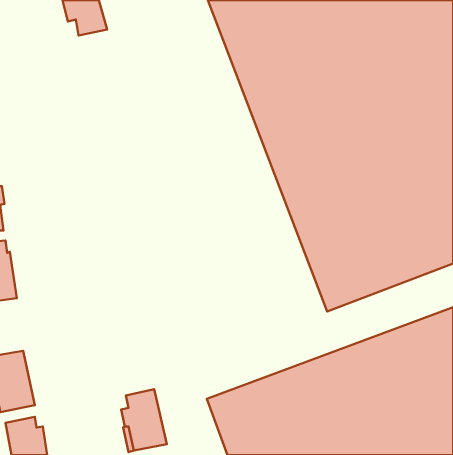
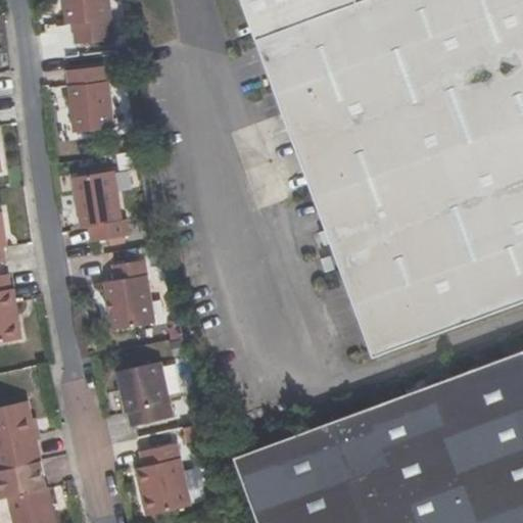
building: none -> [66,65,115,137]
building: none -> [76,175,128,244]
building: none -> [99,256,153,344]
building: none -> [117,365,175,429]

